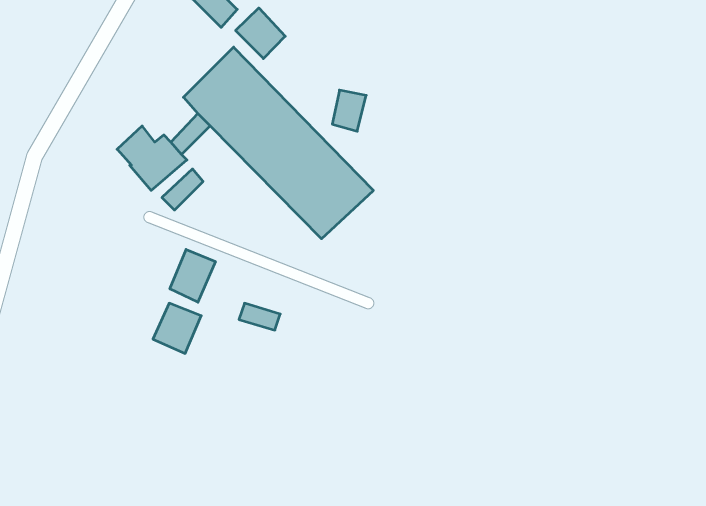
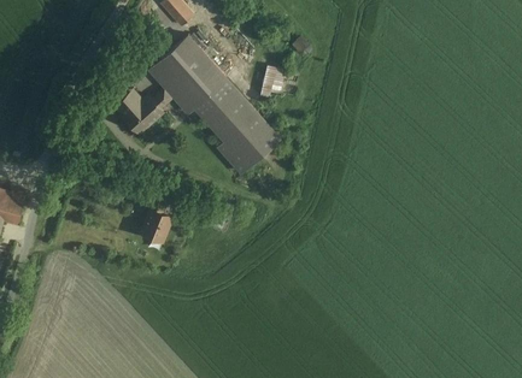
building: [236,8,285,59] -> none
building: [170,249,215,302] -> none

